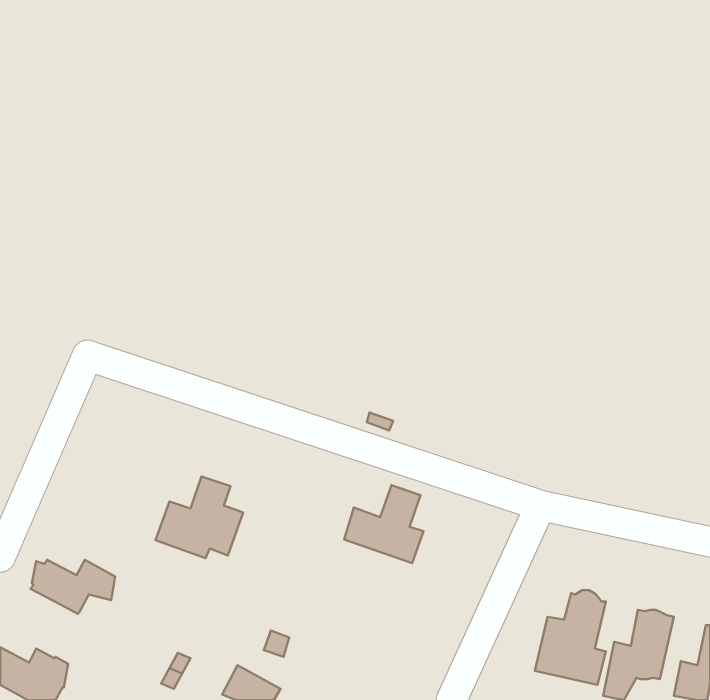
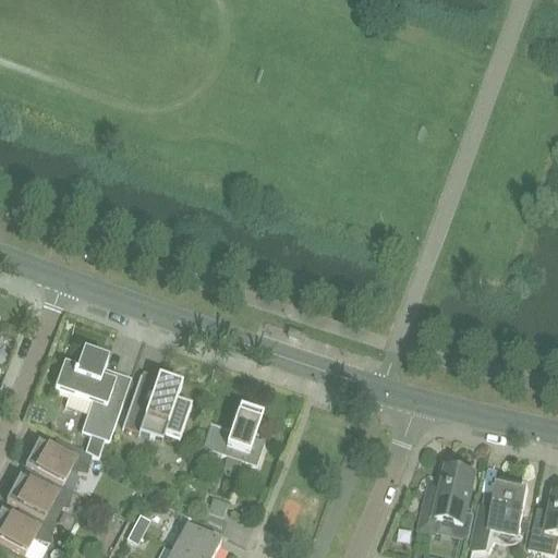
building: none -> [54,348,121,456]
building: [344,485,423,563] -> [203,402,265,463]
building: none -> [5,473,72,517]

